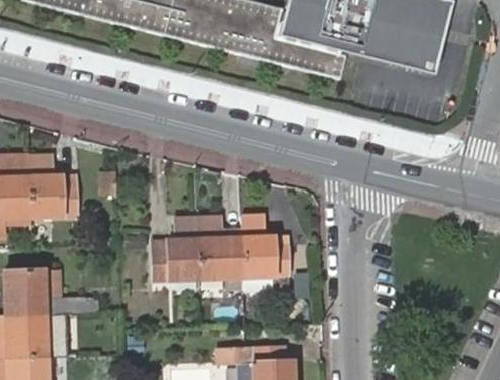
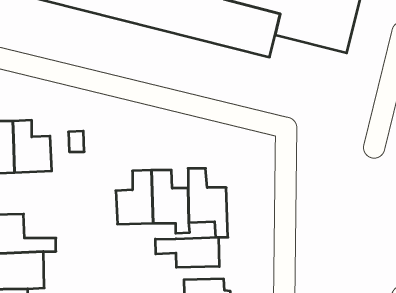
building: none -> [155,237,219,267]

